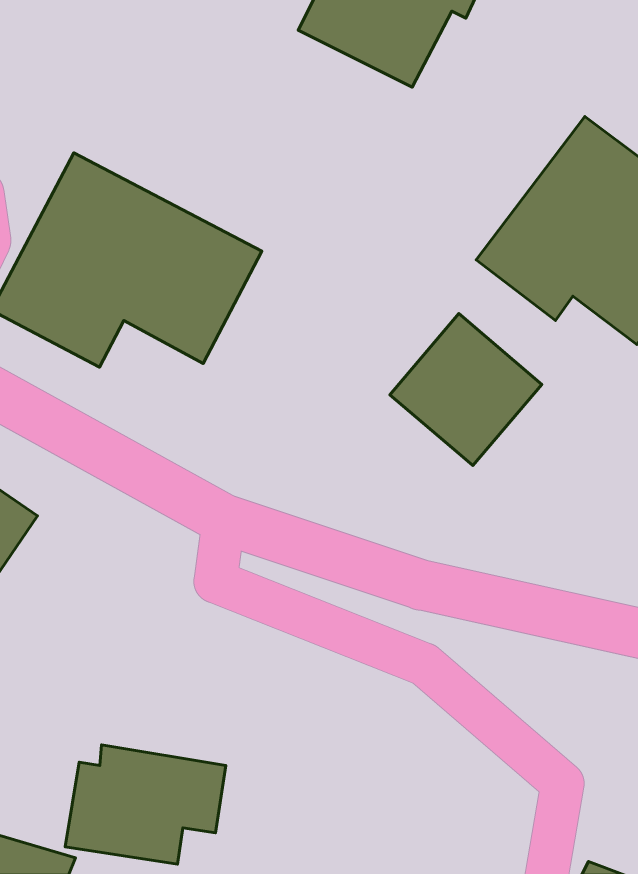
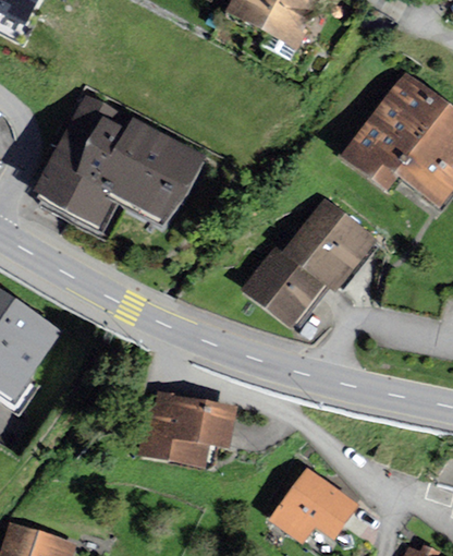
building: none -> [237,245,326,333]
building: none -> [268,463,358,540]
building: [65,745,226,864] -> [135,389,236,464]

